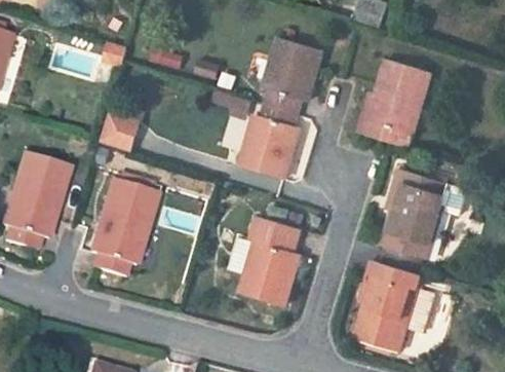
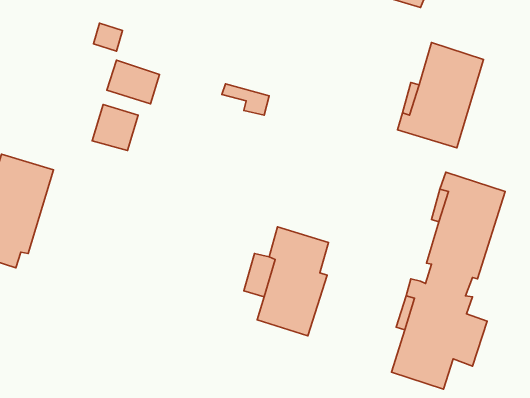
building: [240,37,323,179] -> none
building: none -> [107,60,159,104]
building: [90,181,156,276] -> none

